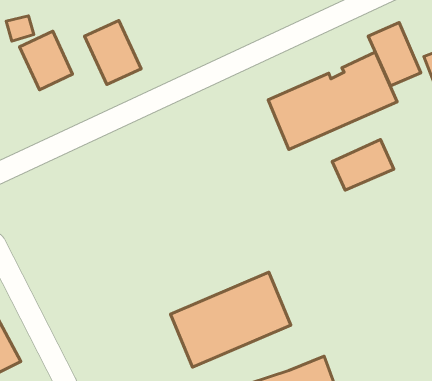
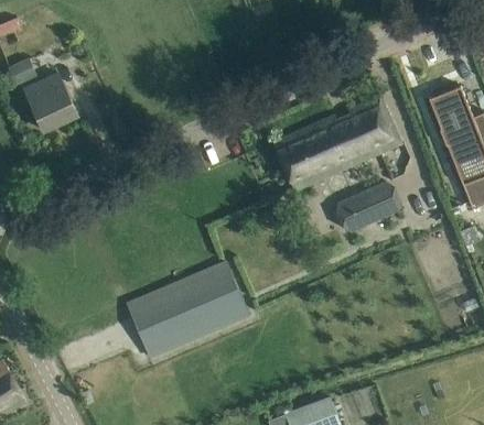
building: [84,20,141,85] -> none
building: [368,22,421,86] -> none
building: [170,272,291,367] -> [127,262,247,357]

